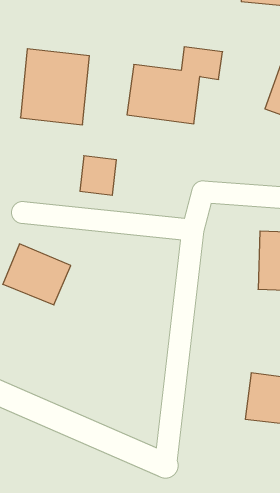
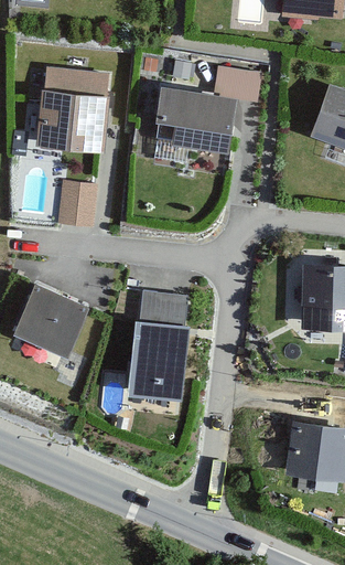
building: [80,156,116,195] -> [53,181,94,225]
building: none -> [126,285,195,399]

